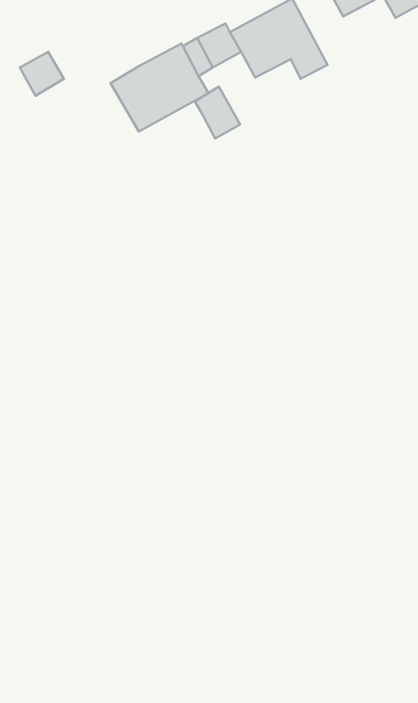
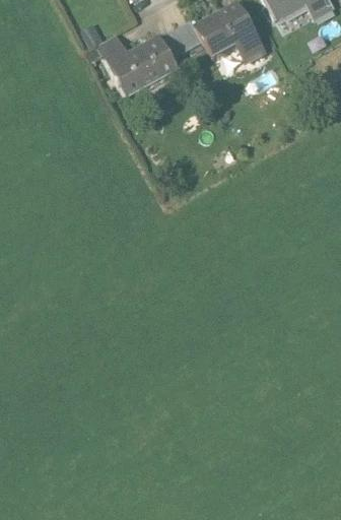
building: [20,52,64,96] -> [97,32,129,64]
building: [195,87,240,138] -> none

